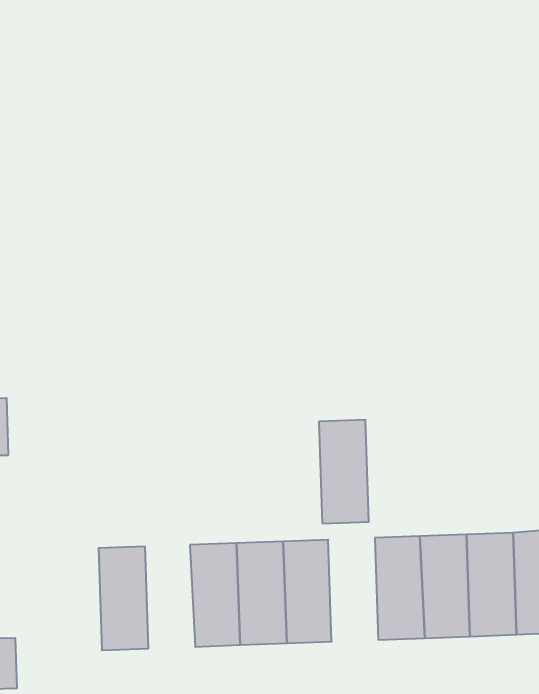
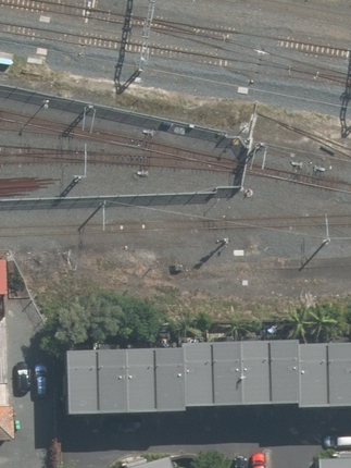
building: [319,420,369,523] -> [210,344,241,409]
building: none -> [95,348,126,414]

